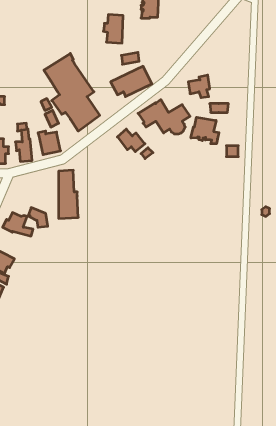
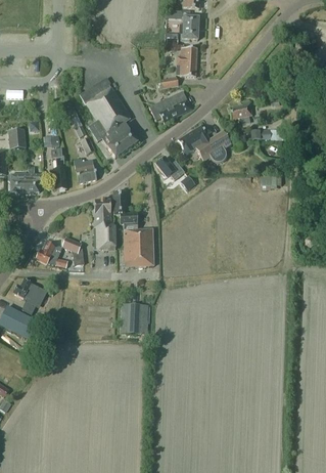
building: [103,15,123,43] -> [176,46,196,76]
building: [191,117,219,144] -> none
building: none -> [112,189,153,266]
building: none -> [127,303,147,334]

